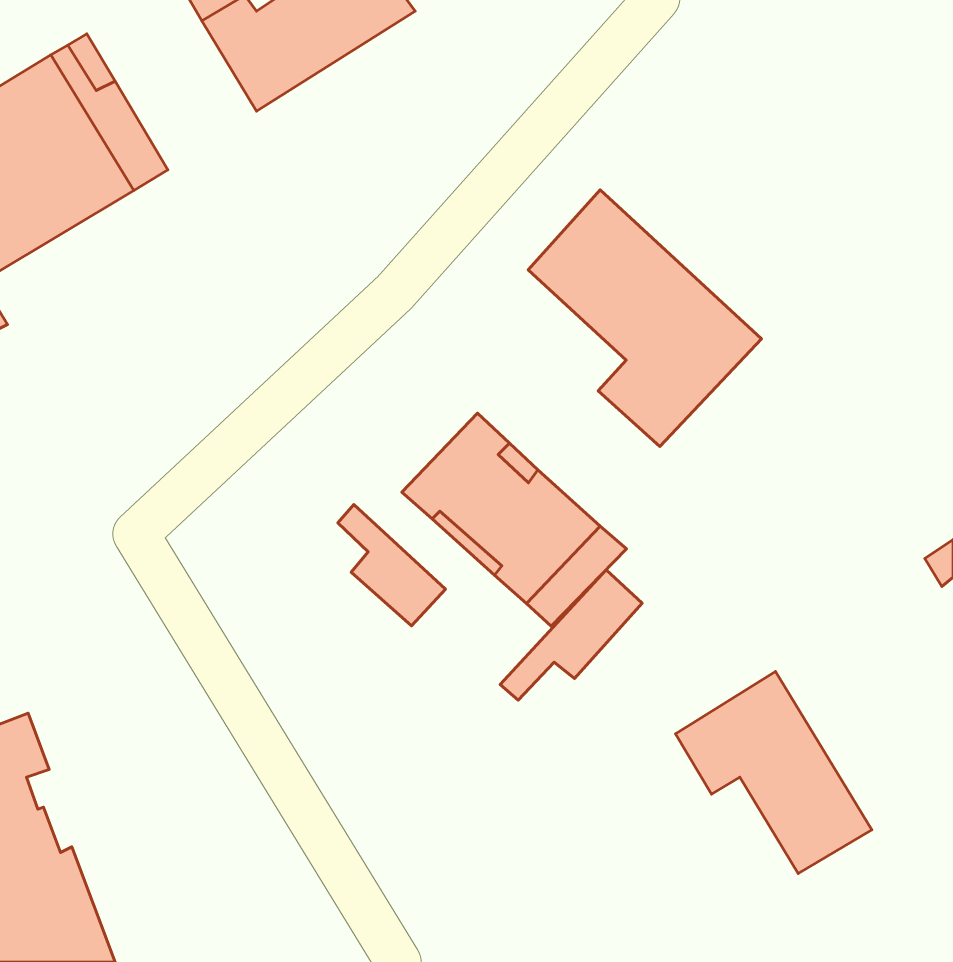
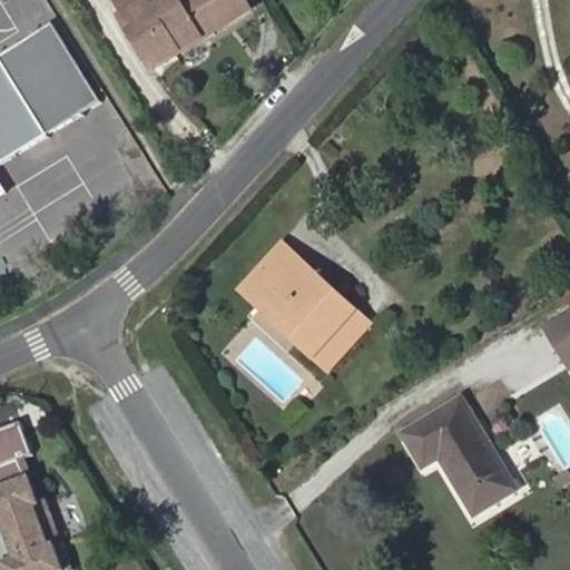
building: [528,190,762,446] -> none
building: [338,504,446,626] -> none
building: [500,570,642,700] -> none

